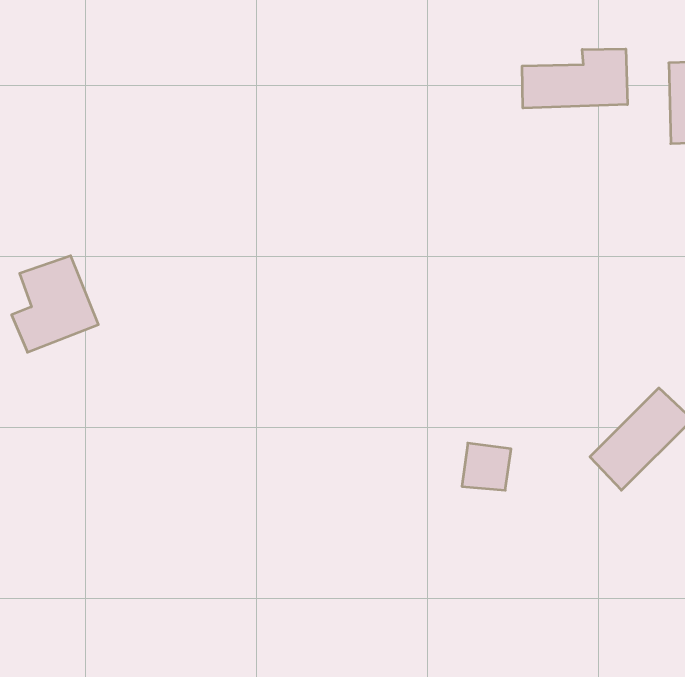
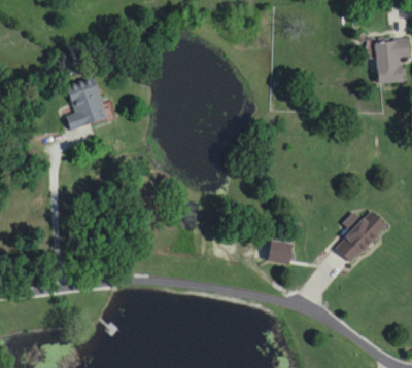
building: [522,49,627,108] -> none
building: [12,256,98,352] -> [63,81,108,132]

